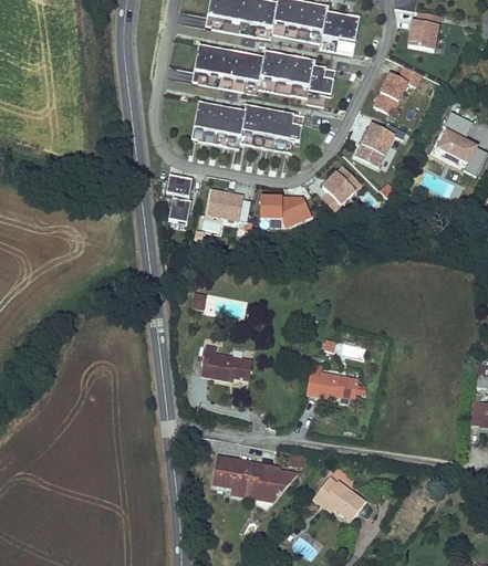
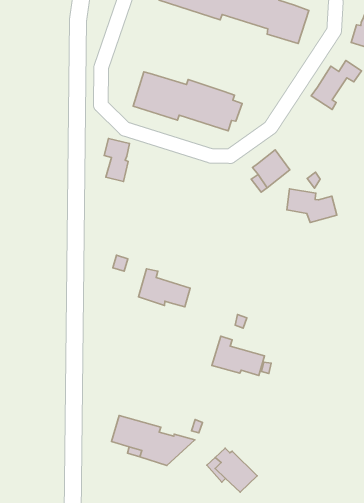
building: [191,48,335,105] -> none
building: [351,118,390,161] -> none
building: [206,189,251,222] -> none
building: [259,193,311,226] -> [287,189,337,223]
building: [200,345,252,380] -> [139,269,190,307]

